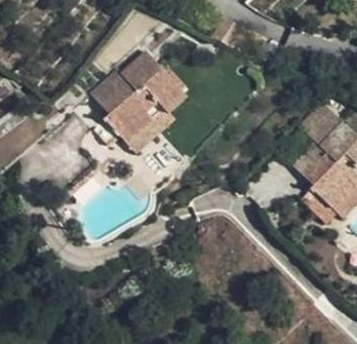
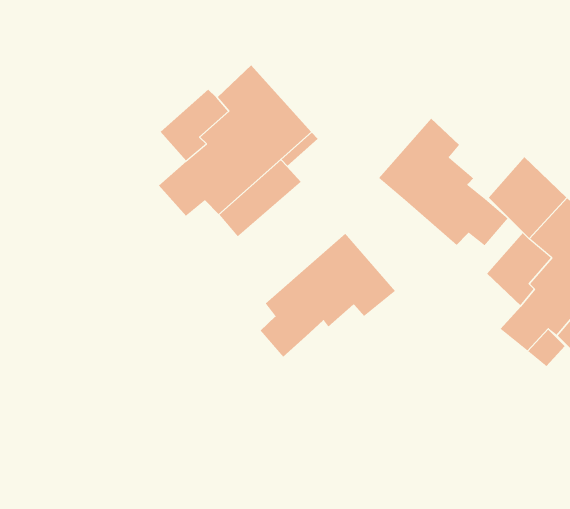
building: none -> [378,118,509,246]
building: none -> [260,233,396,357]

